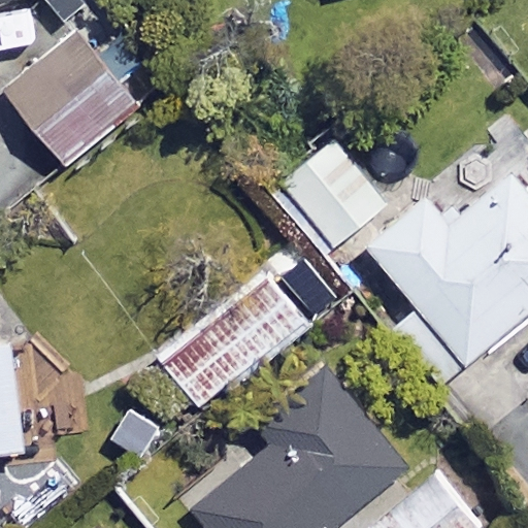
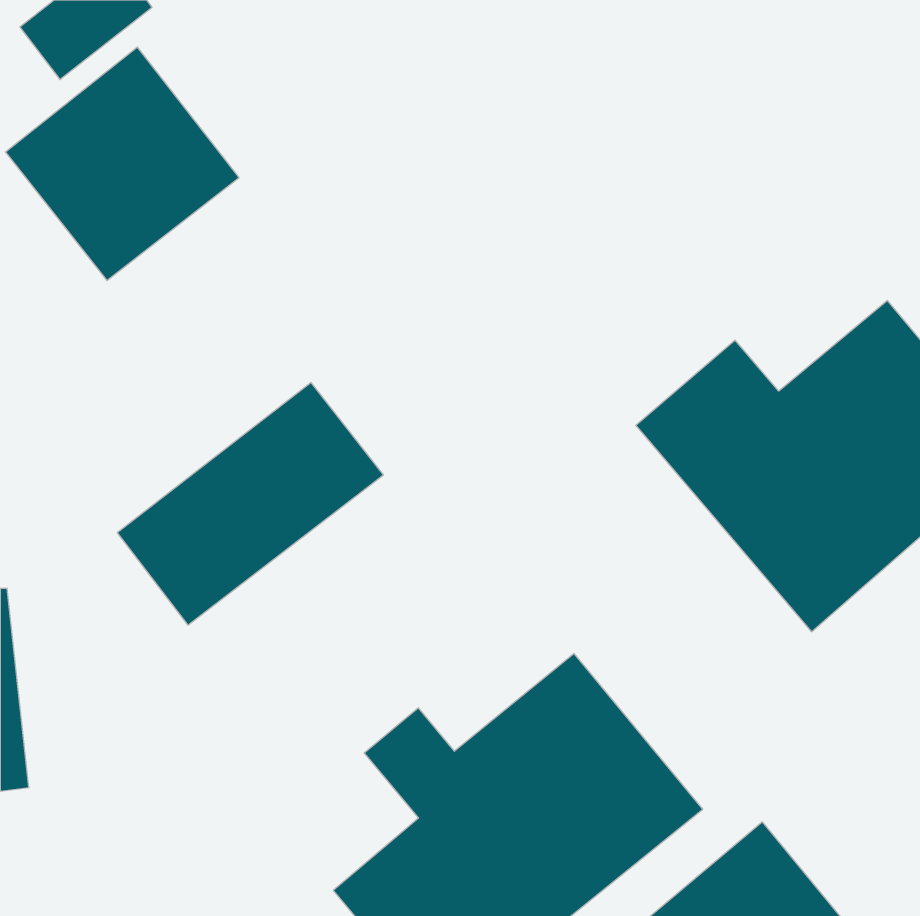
building: [271,141,387,257] -> none
building: [155,268,306,406] -> [117,383,383,625]

